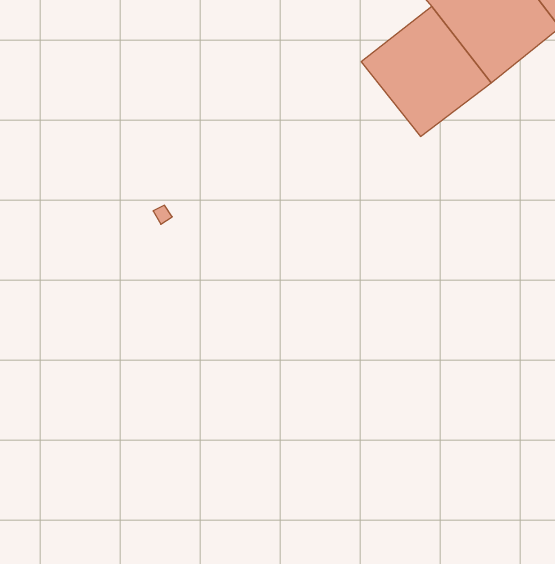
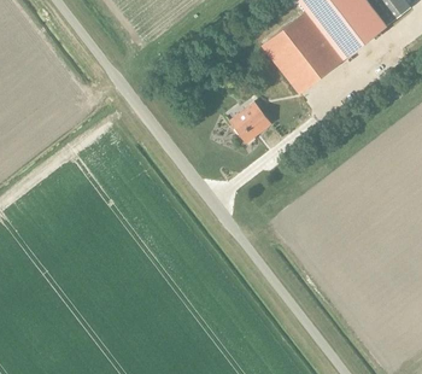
building: none -> [229,103,271,145]

